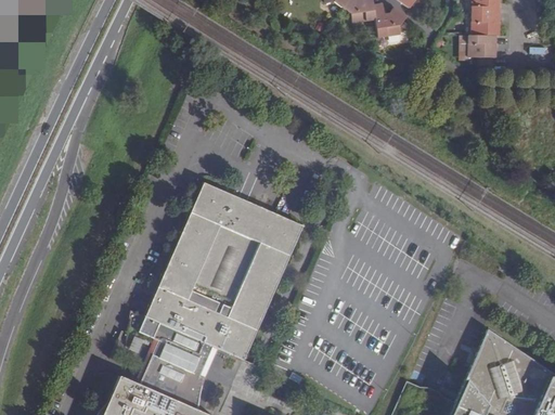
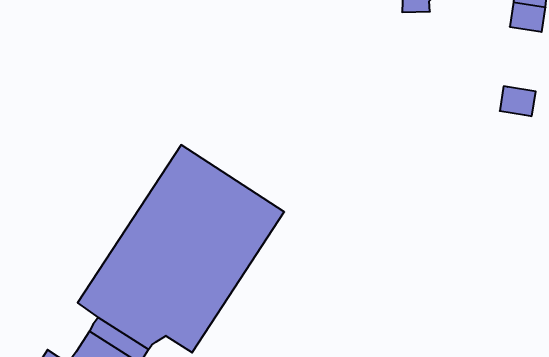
building: [468,36,496,57] -> [500,86,536,116]

